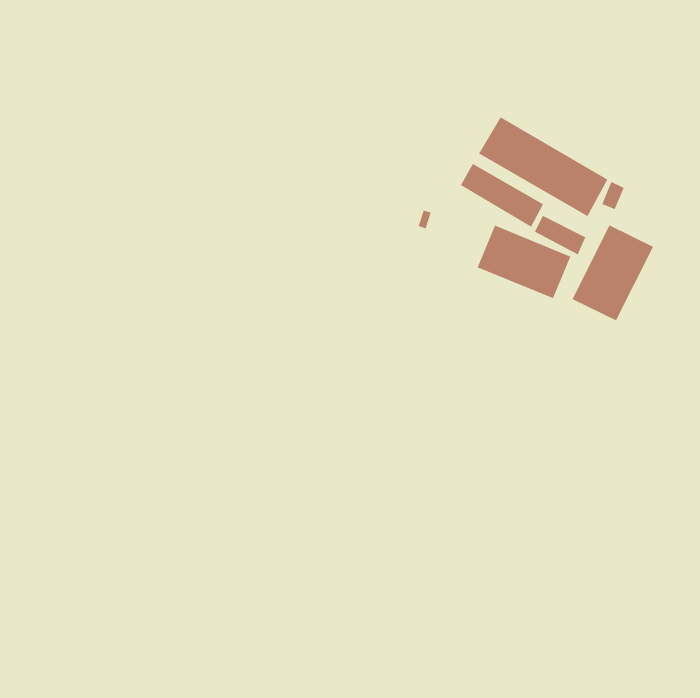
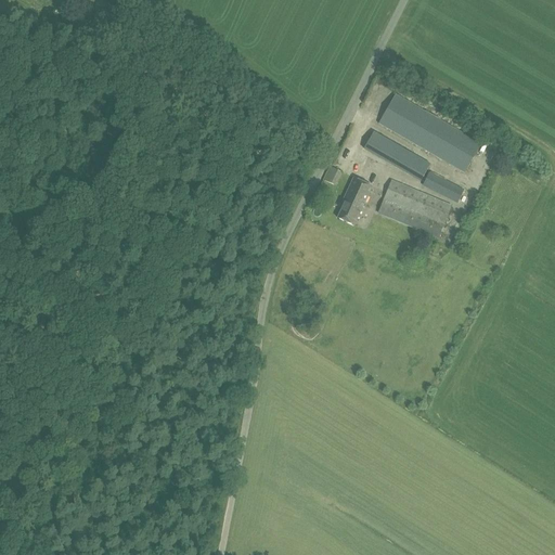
building: none -> [337,176,373,223]
building: [572,225,654,321] -> none

